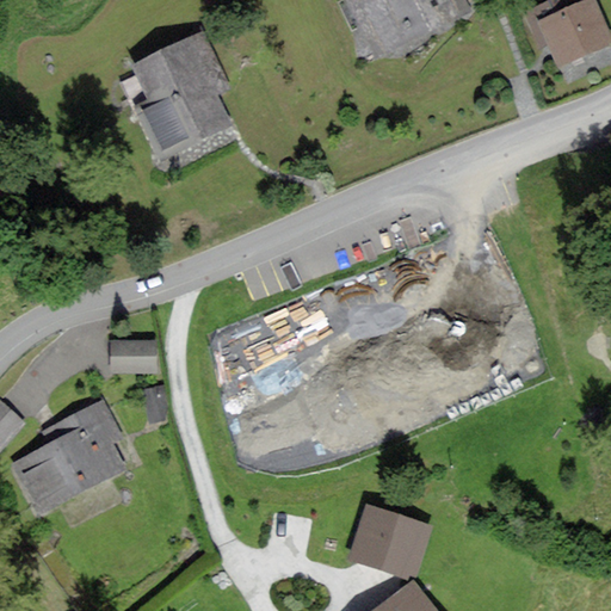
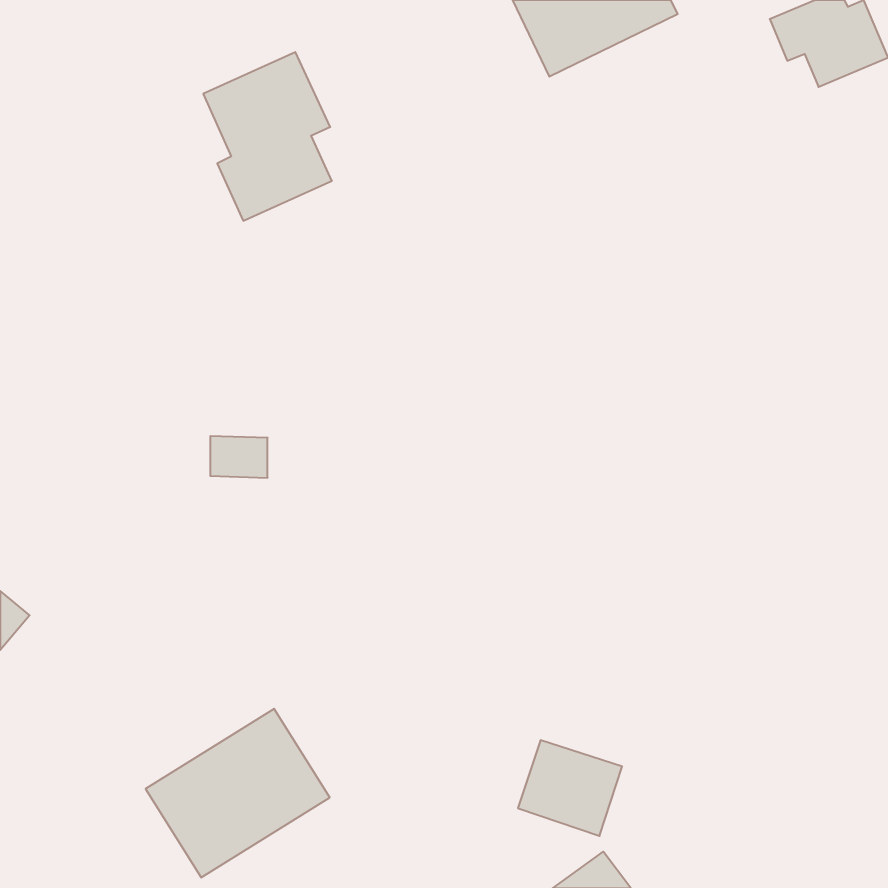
building: [115,342,154,371] -> [210,436,268,478]
building: [7,405,134,520] -> [146,709,330,877]

